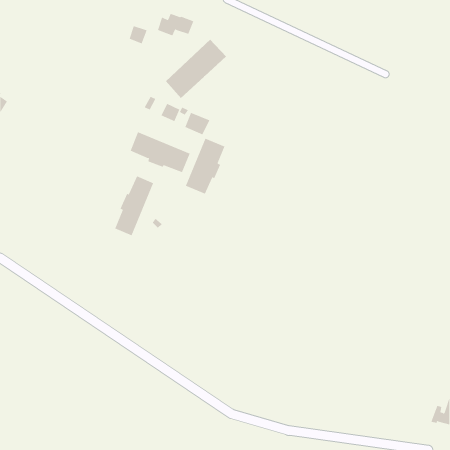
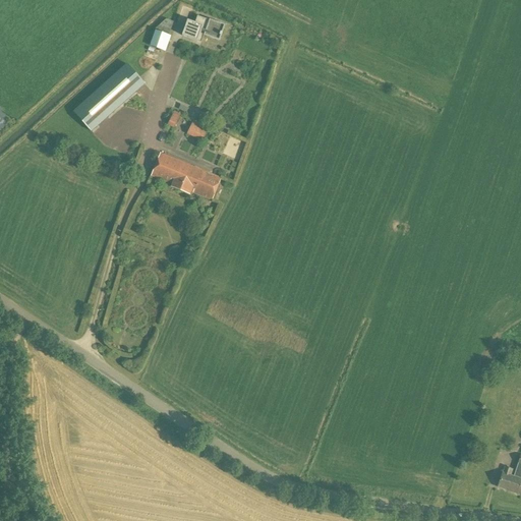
building: [165,39,227,99] -> [74,62,146,131]
building: [185,138,225,195] -> none
building: [114,176,154,236] -> none

